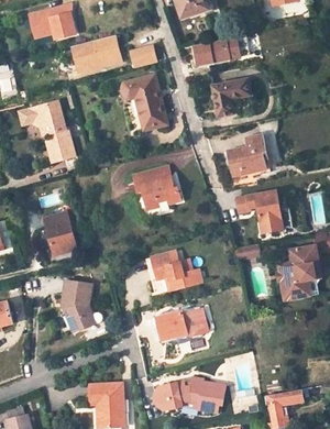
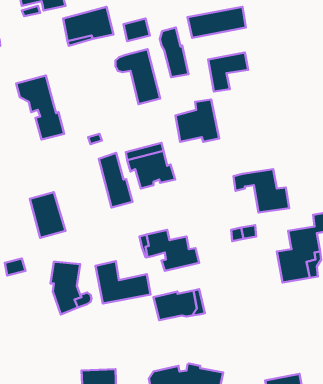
building: none -> [160,28,189,77]
building: [228,136,270,177] -> [176,100,219,142]
building: none -> [99,153,133,208]
building: none -> [95,261,150,303]

